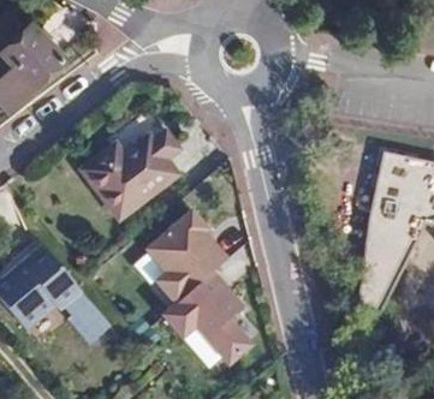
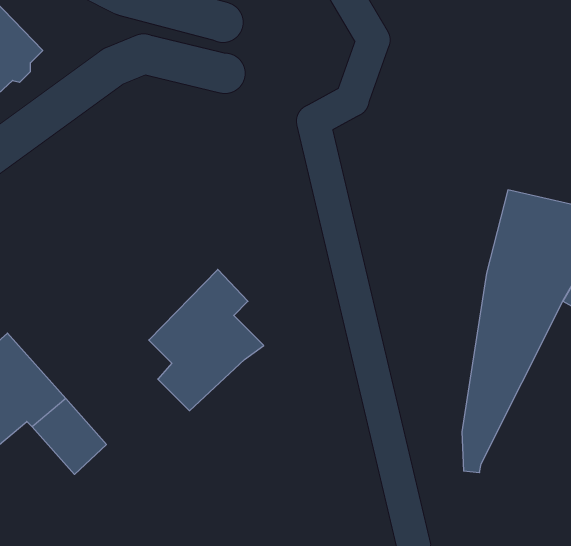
building: [82,127,178,216] -> none
building: [153,267,250,365] -> none

